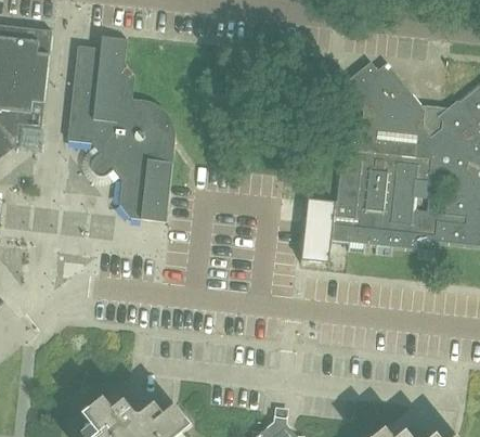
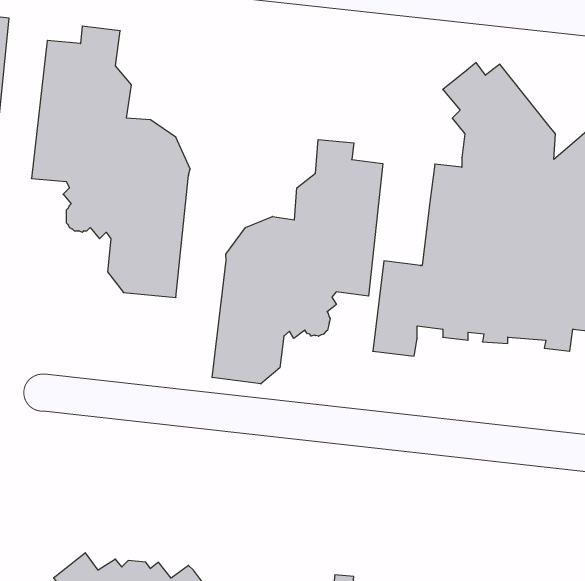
building: none -> [212,140,383,384]

